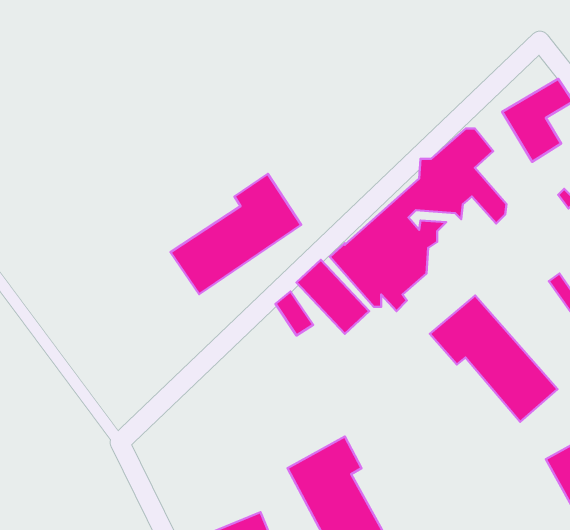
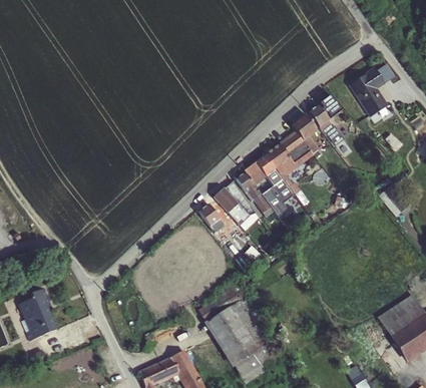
building: [171,174,301,294] -> none
building: [430,296,558,422] -> none
building: none -> [21,289,54,337]

